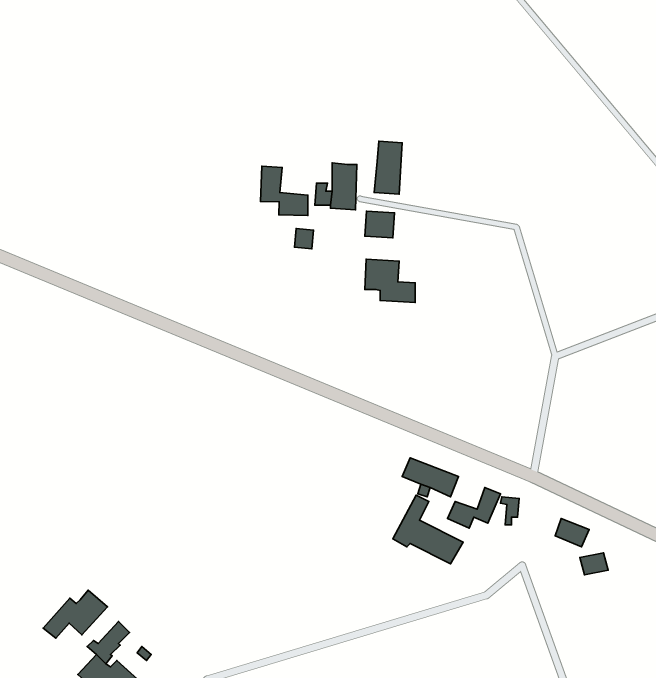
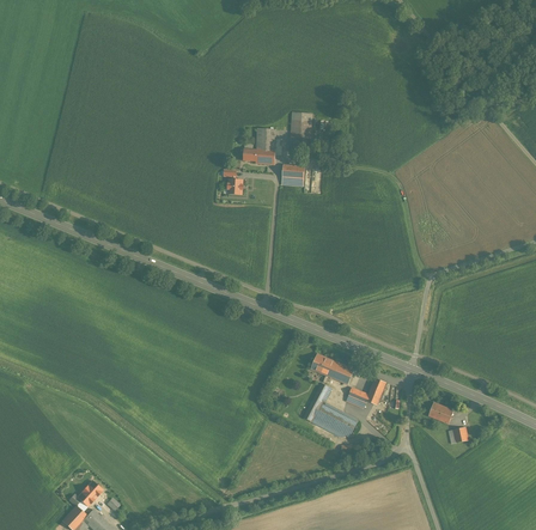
building: [261,166,308,216] -> none
building: [365,259,415,302] -> none
building: [43,590,107,638] -> none

